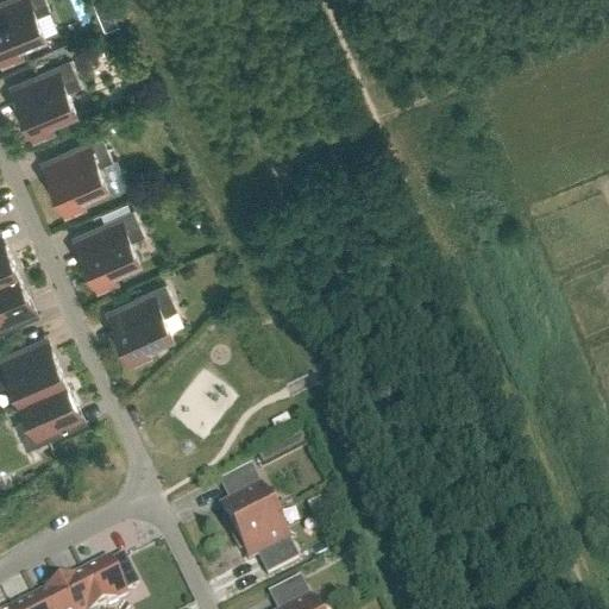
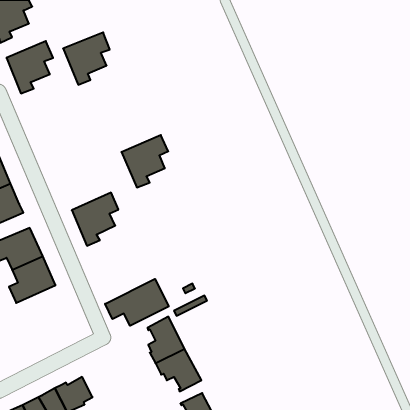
building: [40,138,109,215] -> [63,32,110,85]
building: [73,213,142,290] -> [121,135,168,187]
building: none -> [105,279,169,326]

